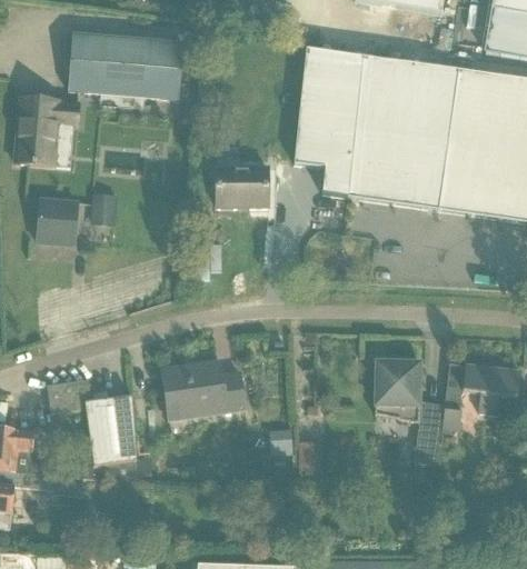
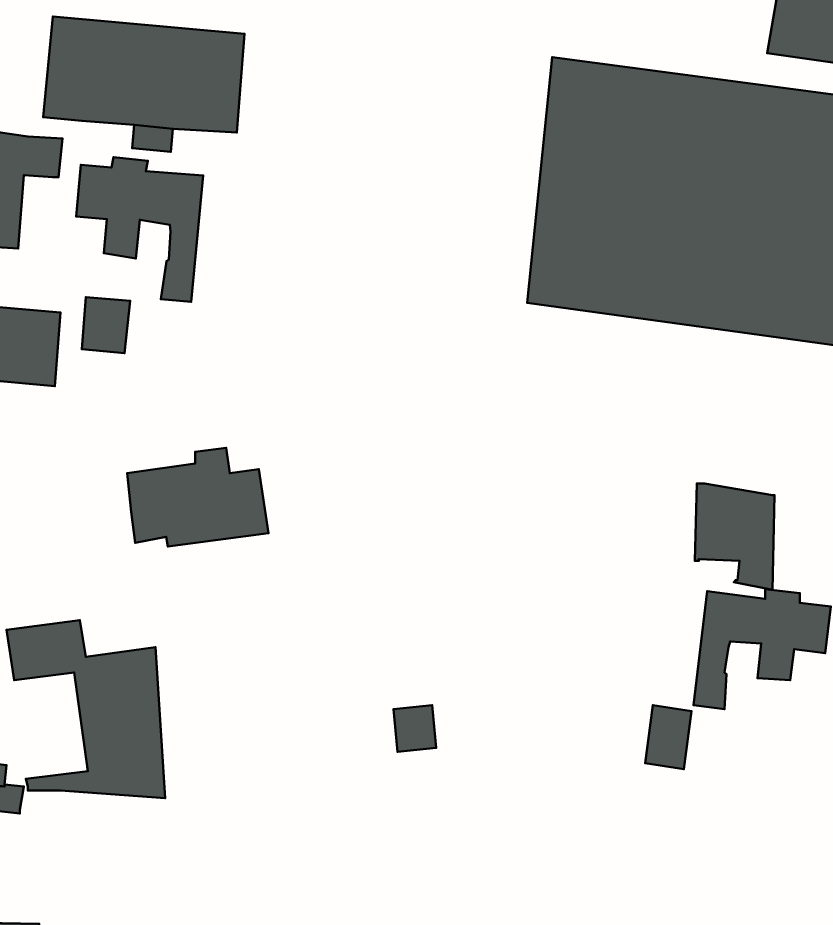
building: [294,47,360,196] -> none
building: none -> [76,157,203,302]
building: [217,166,268,207] -> none
building: [163,359,245,416] -> [127,448,269,547]
building: [375,360,420,421] -> [695,484,774,590]

